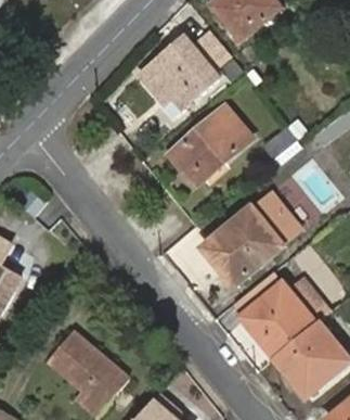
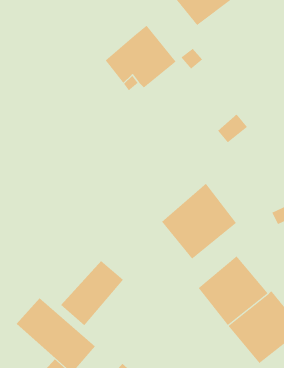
building: [165,107,248,183] -> none
building: [248,190,298,245] -> none
building: none -> [60,260,124,326]

